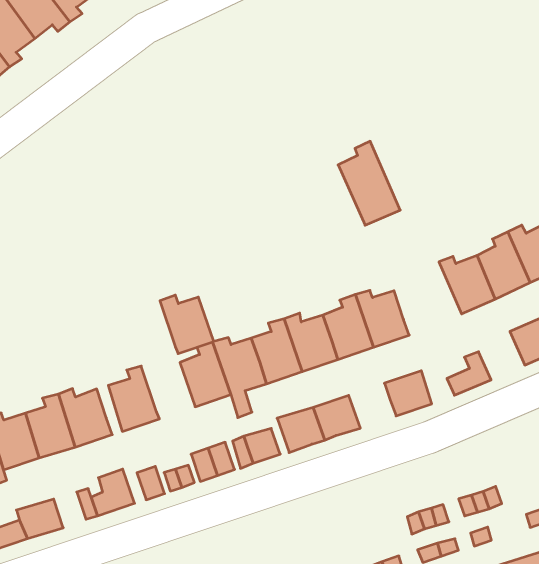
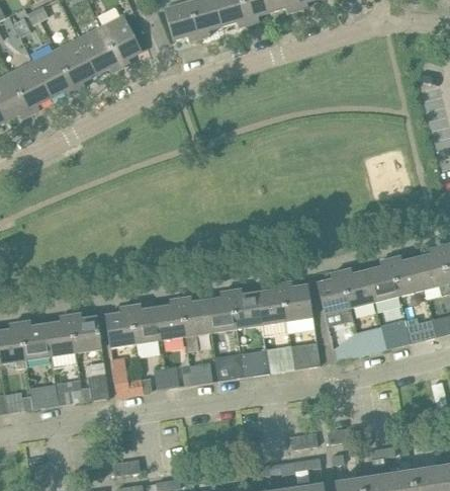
building: [338,141,400,225] -> [317,270,353,326]
building: [160,295,214,354] -> [129,304,161,343]
building: none -> [356,325,386,355]
building: none -> [265,345,294,373]

